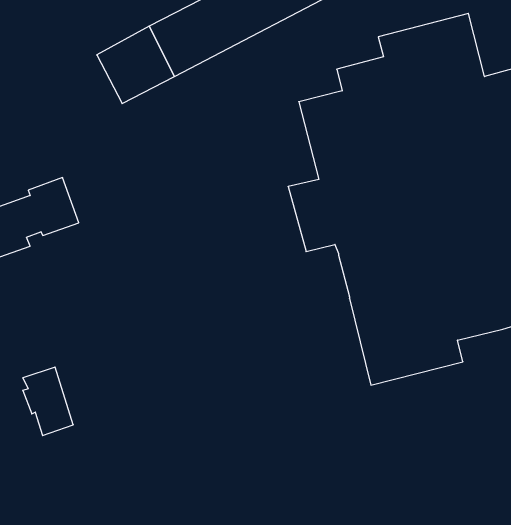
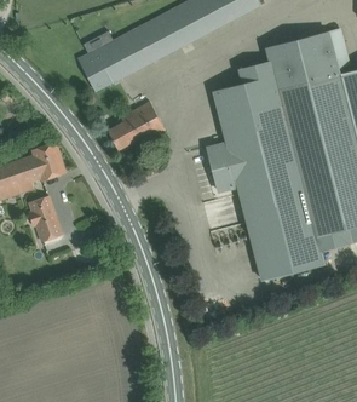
building: none -> [106,102,163,150]
building: [23,367,73,436] -> [27,196,61,242]

